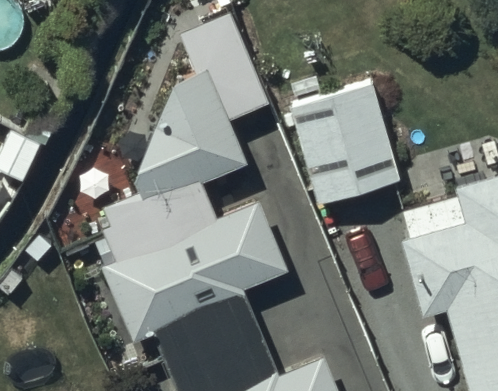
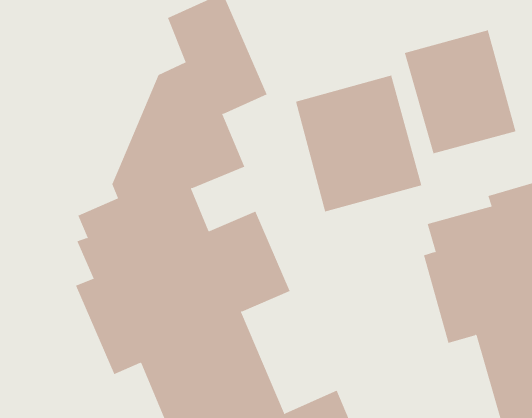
building: none -> [404,30,516,154]

